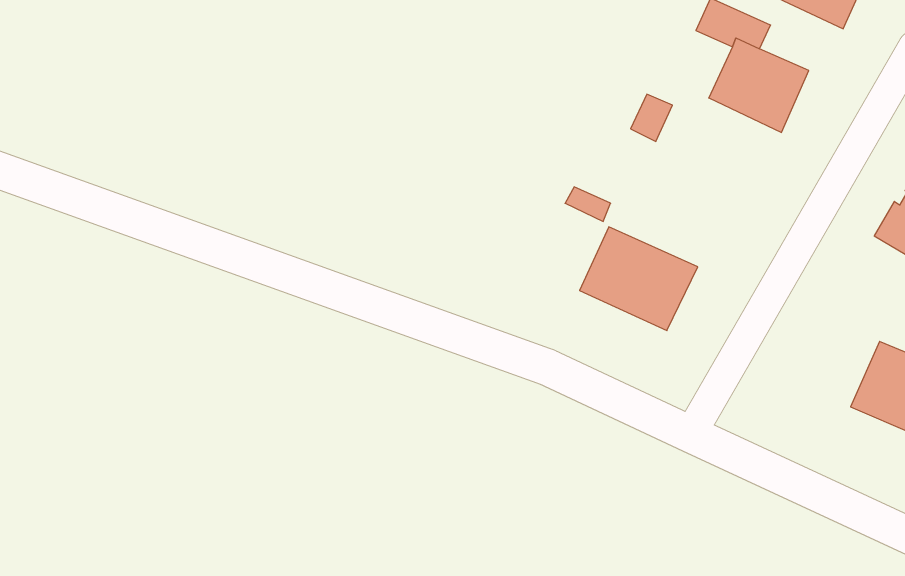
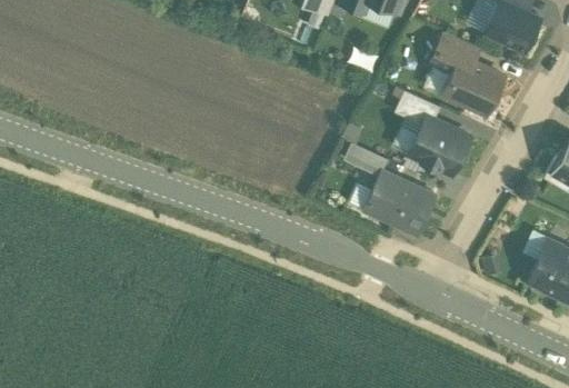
building: none -> [409,117,469,175]

